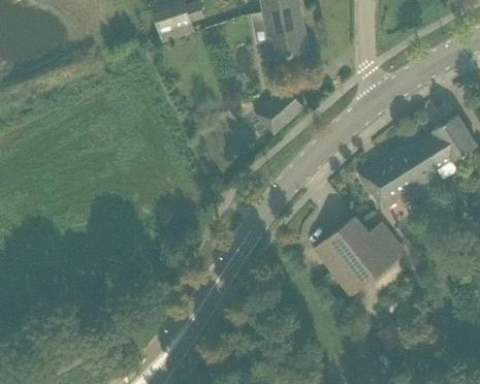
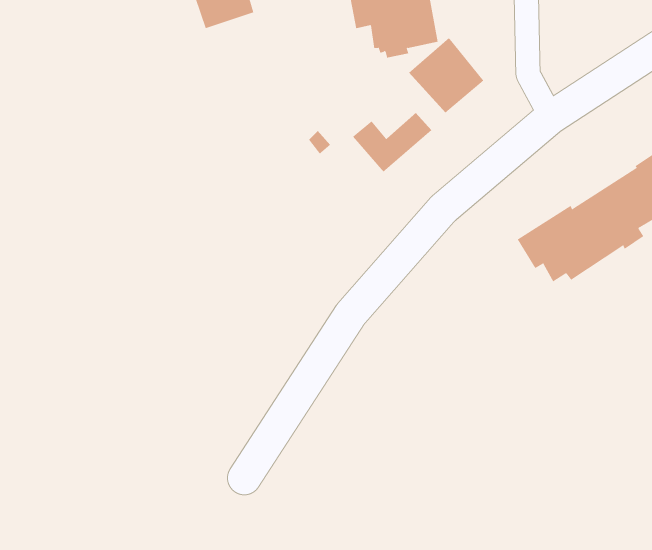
building: none -> [408,37,484,113]
building: [314,215,406,295] -> none

